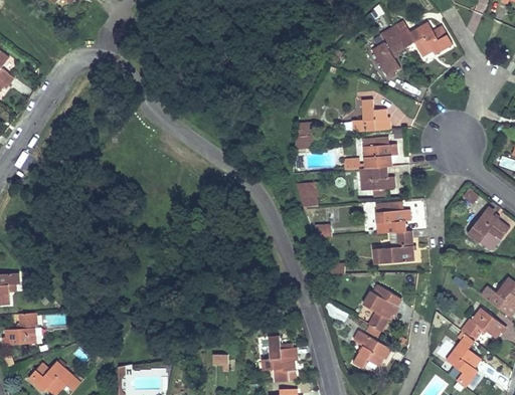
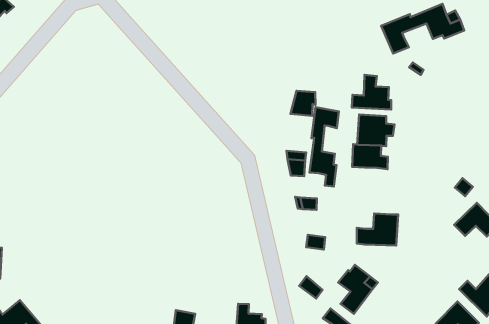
building: none -> [310,107,339,186]
building: [375,202,410,233] -> none

